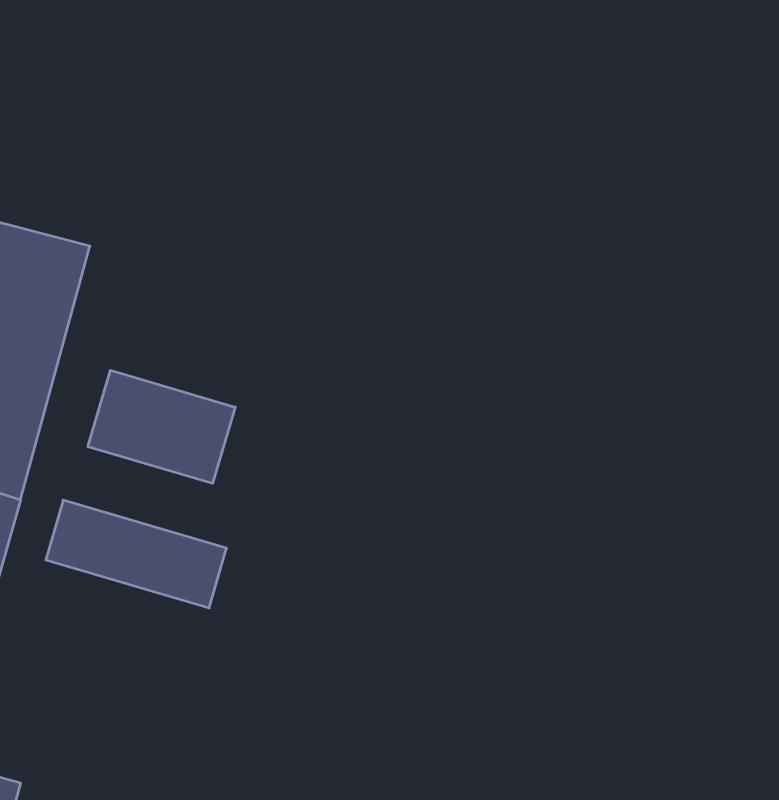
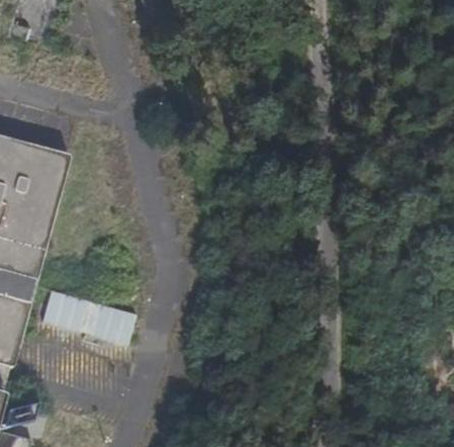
building: [88,370,235,483] -> none

